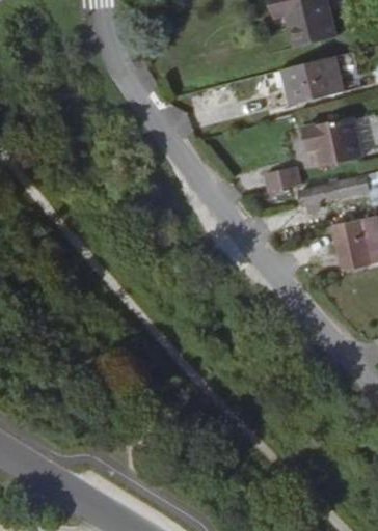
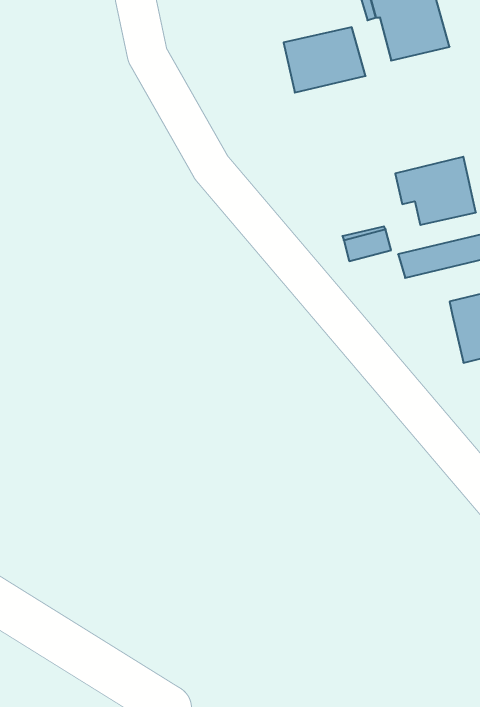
building: [281,56,343,105] -> [284,27,366,93]

